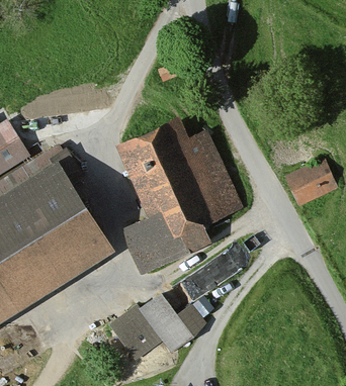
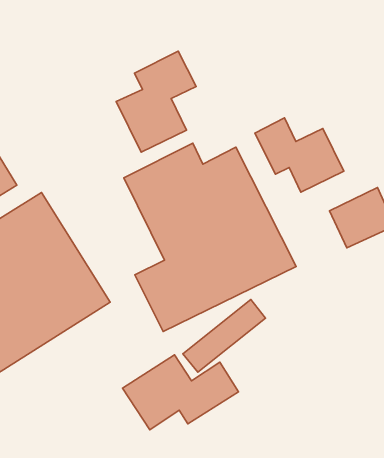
building: none -> [116,51,196,152]
building: none -> [255,118,344,192]

